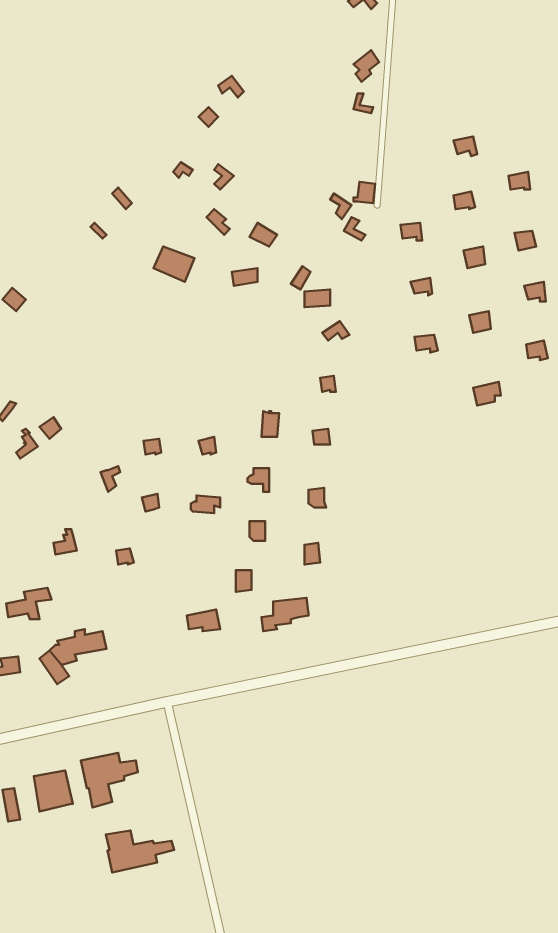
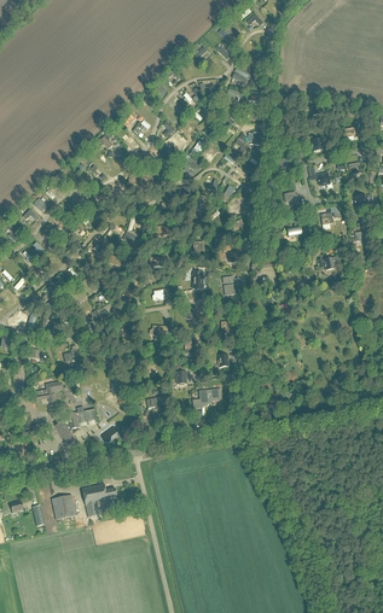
building: [106,830,174,872] -> none

